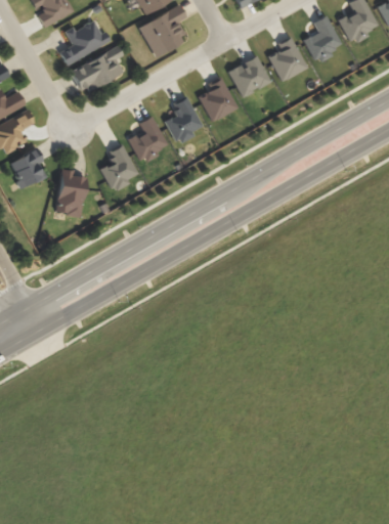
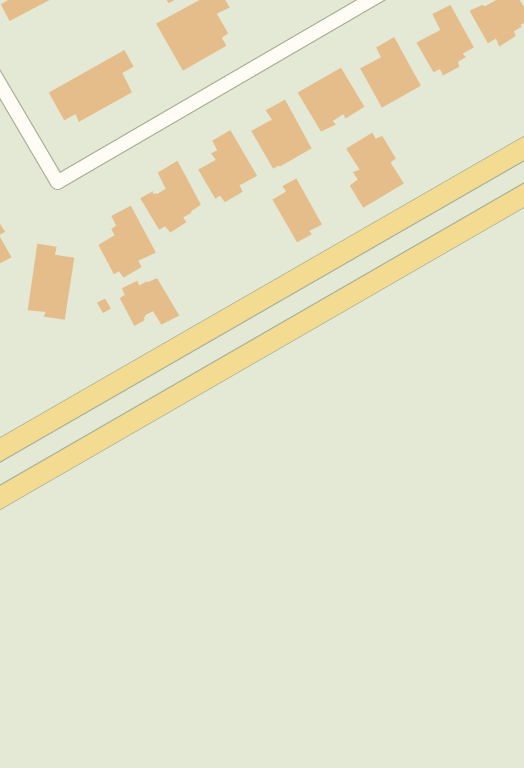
building: [57,20,111,67] -> none
building: none -> [345,132,405,209]
building: none -> [272,177,323,243]
building: none -> [119,277,180,327]

